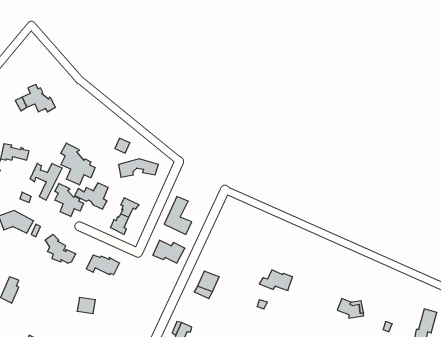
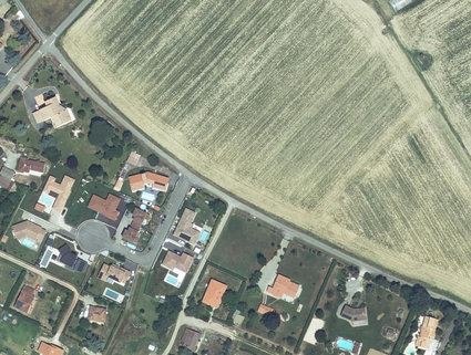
building: [61,143,95,185] -> none
building: [55,183,83,217] -> none

